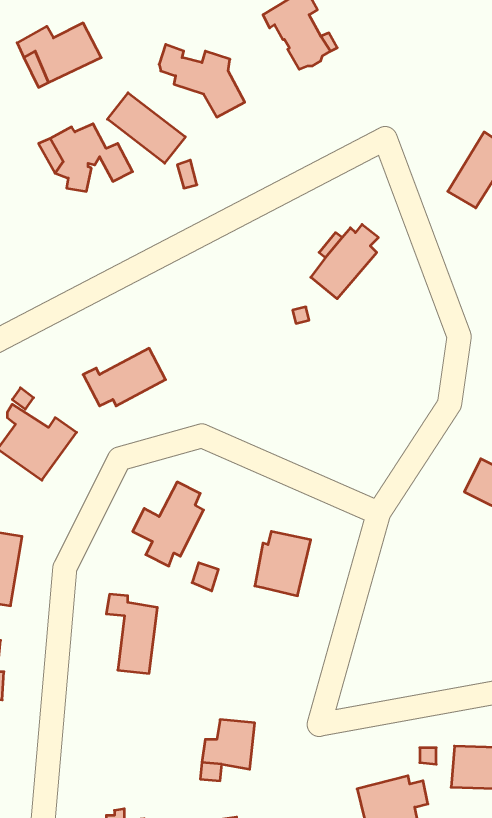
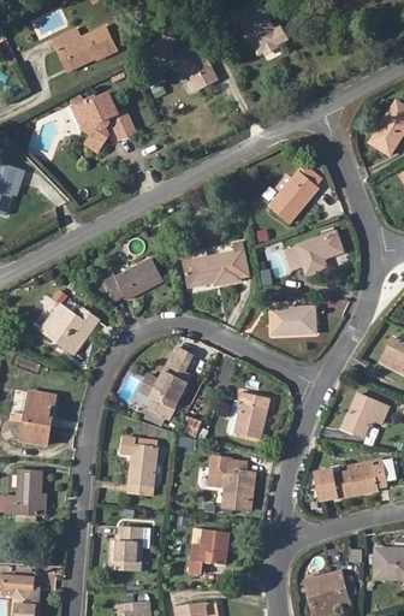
building: [107,93,185,163] -> none
building: none -> [287,231,344,276]
building: none -> [183,249,249,286]
building: none -> [269,307,316,336]
building: none -> [341,393,388,438]
building: none -> [209,457,254,510]
building: none -> [317,460,387,503]
building: none -> [109,526,143,571]

